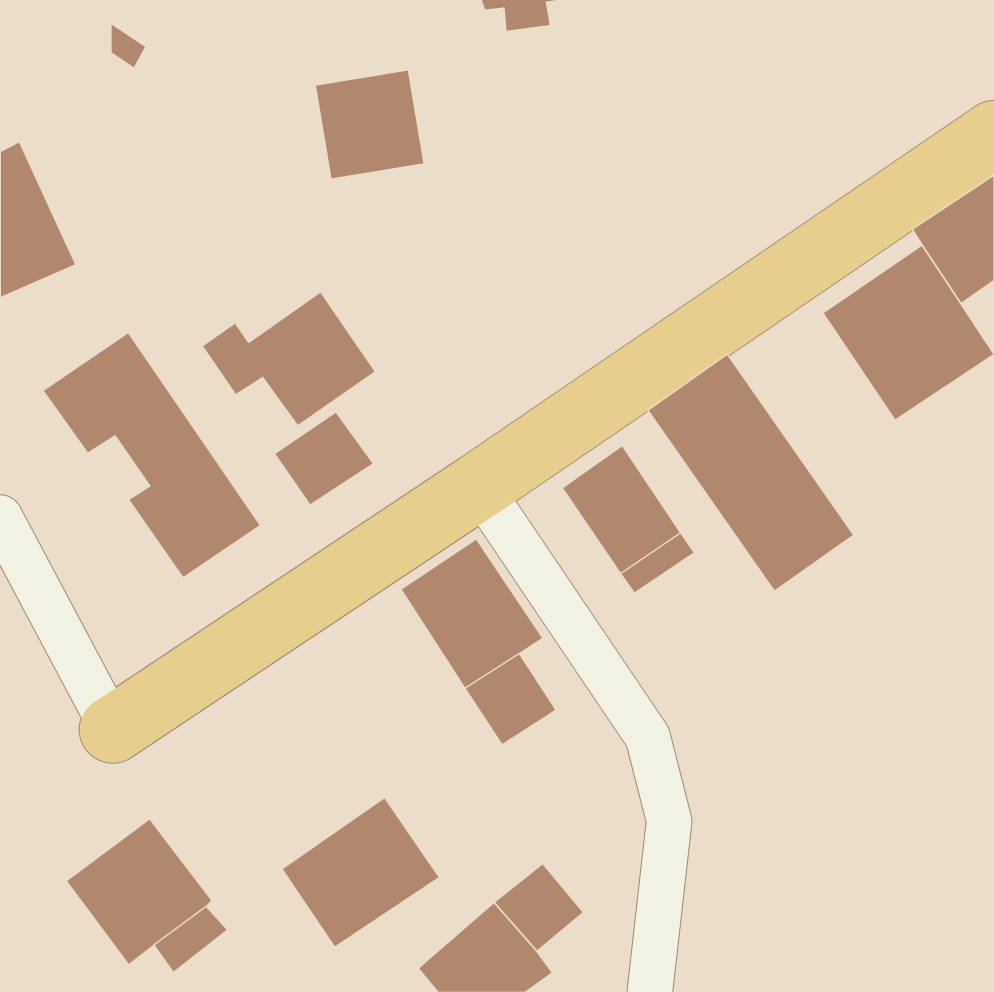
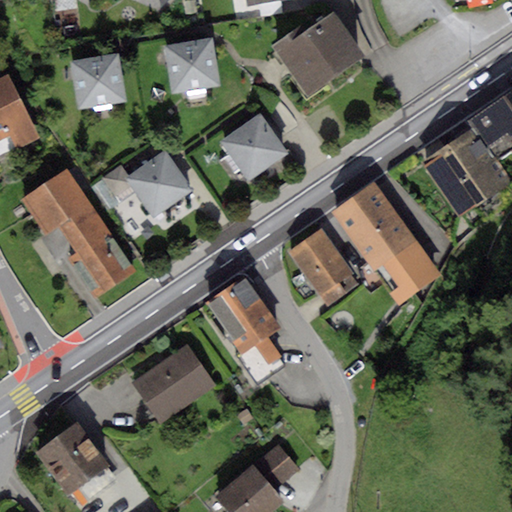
building: none -> [271,10,363,94]
building: none -> [70,53,126,109]
building: none -> [219,113,286,181]
building: [275,412,373,505] -> none
building: [282,797,439,947] -> [133,345,214,422]

